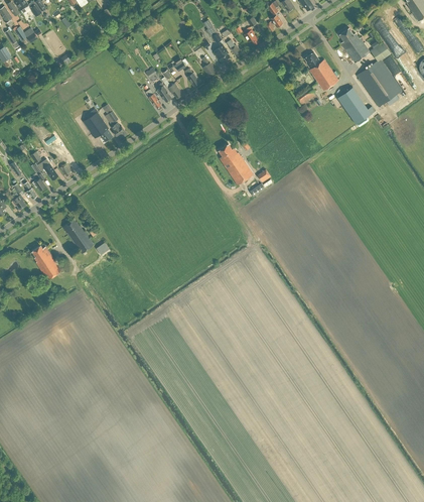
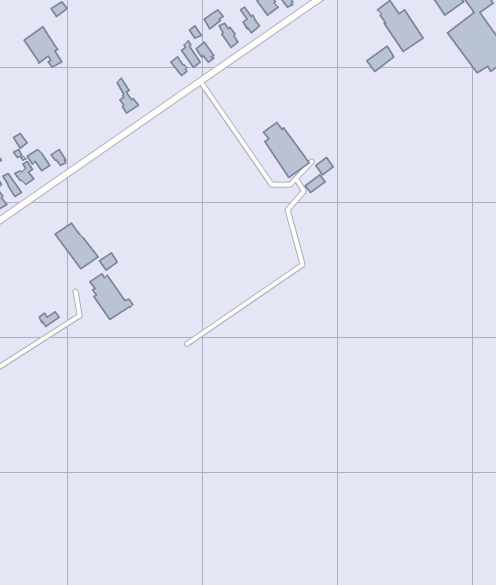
building: [339,86,377,123] -> none
building: [84,111,112,141] -> [24,27,62,67]
building: [32,245,64,279] -> [90,274,133,319]

